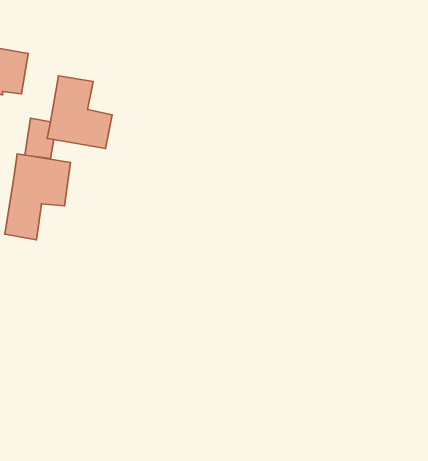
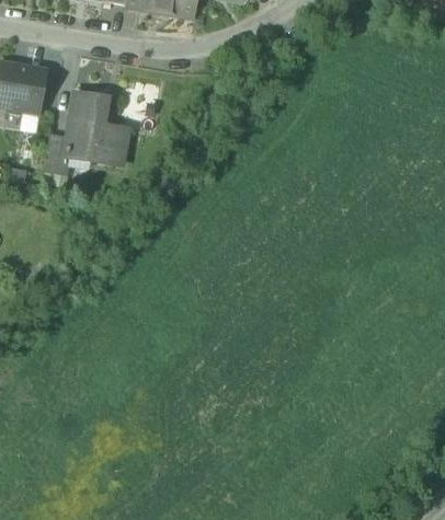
building: [5,154,70,240] -> none

